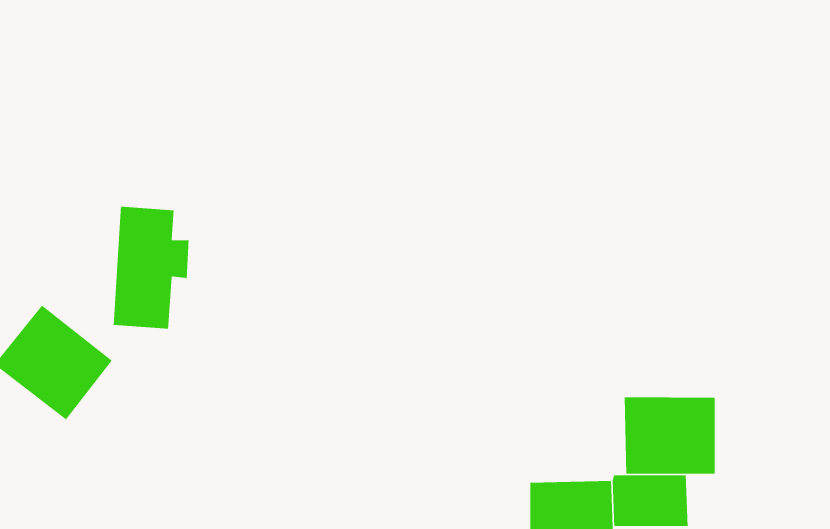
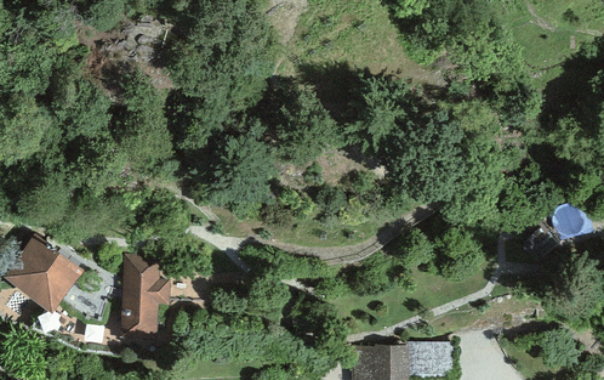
building: [113,206,189,329] -> [119,259,169,339]
building: [624,396,715,475] -> none

